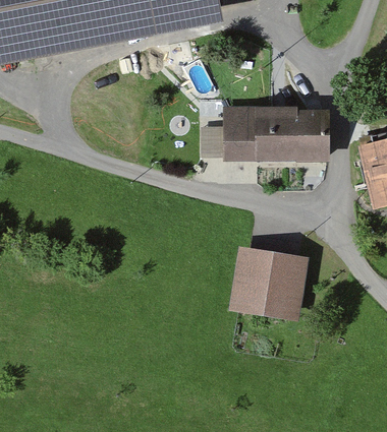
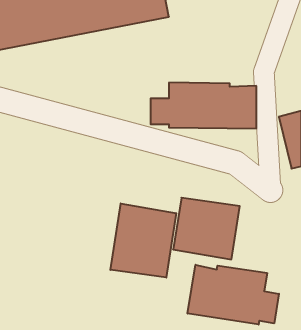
building: none -> [110,203,176,278]
building: none -> [188,265,279,325]

